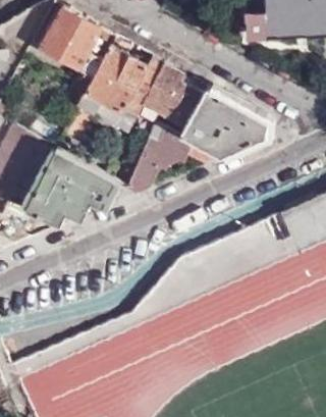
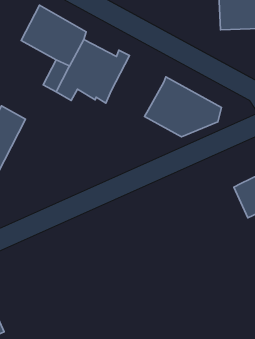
building: [140,65,201,128] -> none
building: [123,122,221,198] -> none
building: [24,147,117,227] -> none

